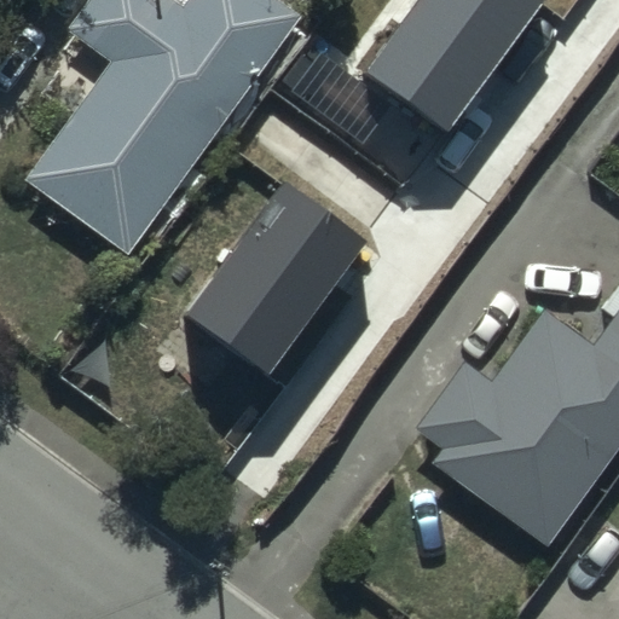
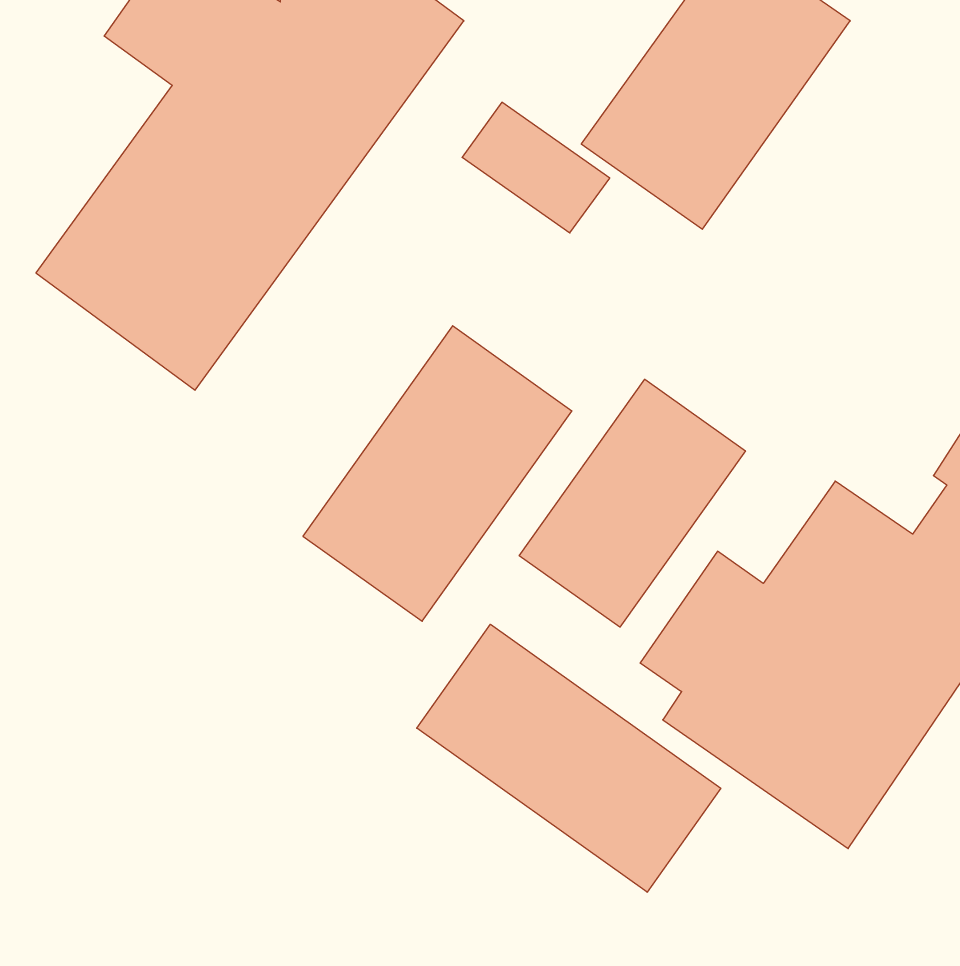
building: none -> [519,379,745,627]
building: none -> [417,624,721,892]

